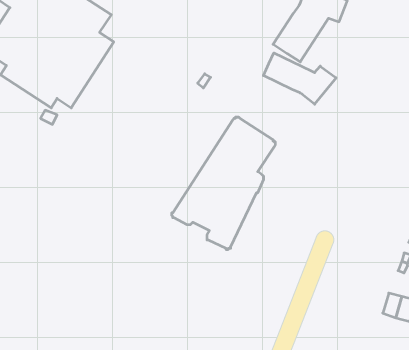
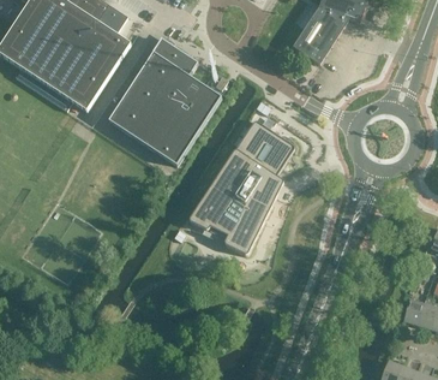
building: none -> [108,38,221,165]
building: [263,53,336,104] -> none

